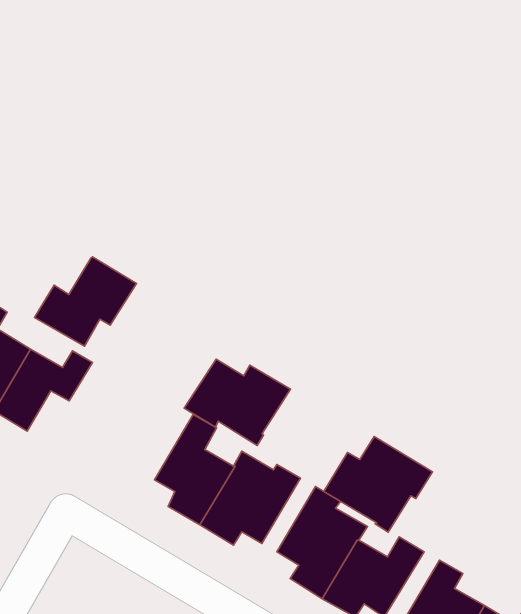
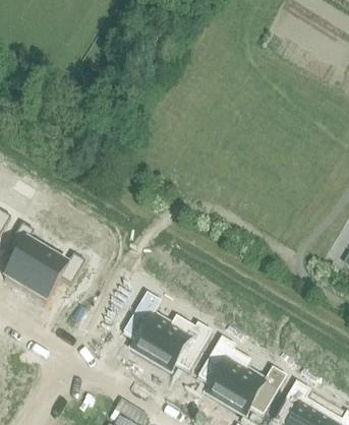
building: [35,257,136,346] -> none
building: [184,359,291,446] -> none
building: [324,436,432,532] -> none

